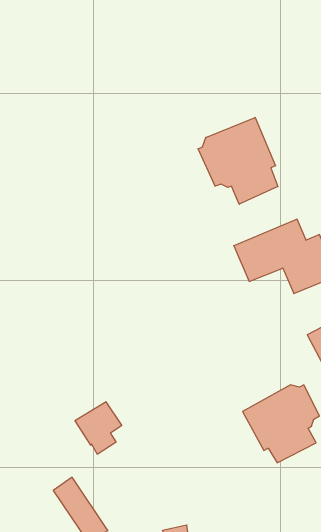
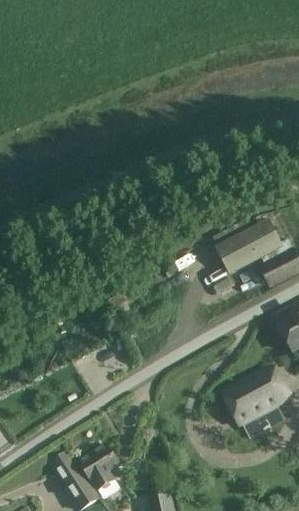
building: [198,117,278,204] -> none
building: [75,402,122,454] -> [79,444,121,491]

